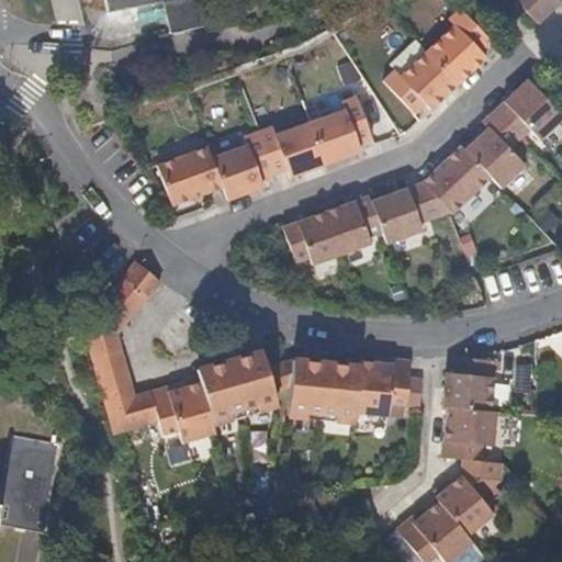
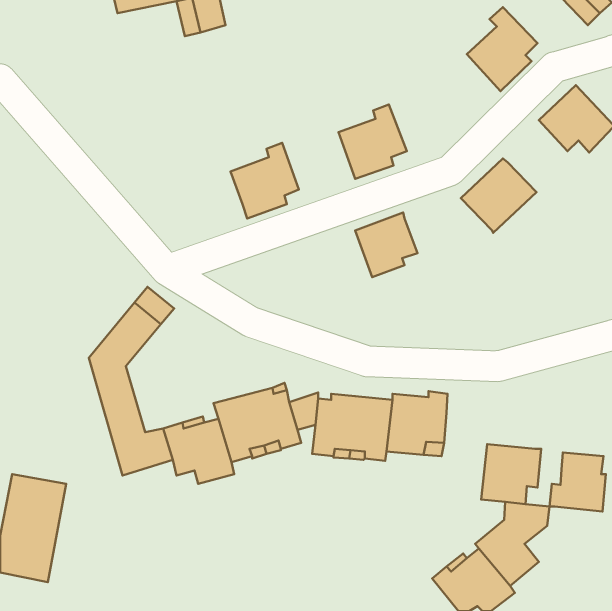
building: [384,38,459,113] -> none
building: [465,110,526,187] -> none
building: [259,121,326,177] -> none
building: [157,146,223,205] -> none
building: [371,181,451,243] -> none
building: [282,211,341,265] -> none
building: [442,357,494,411] -> [550,453,606,511]

